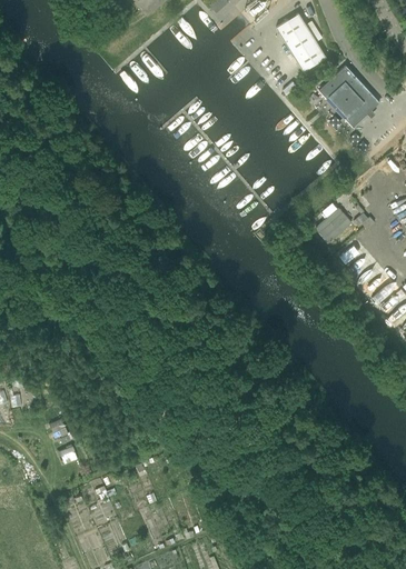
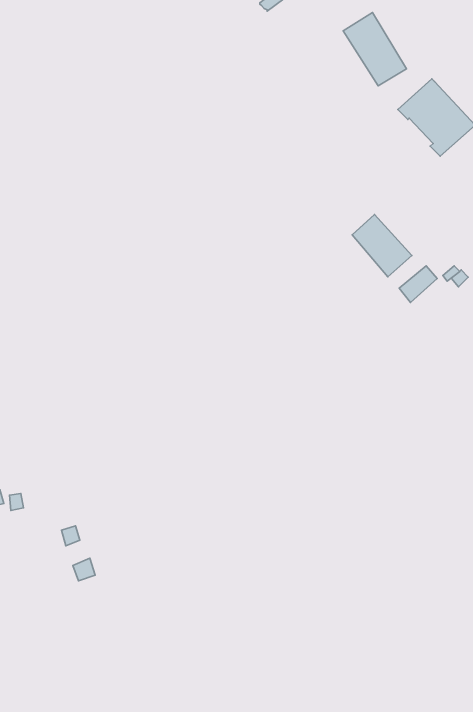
building: none -> [352,215,412,277]

